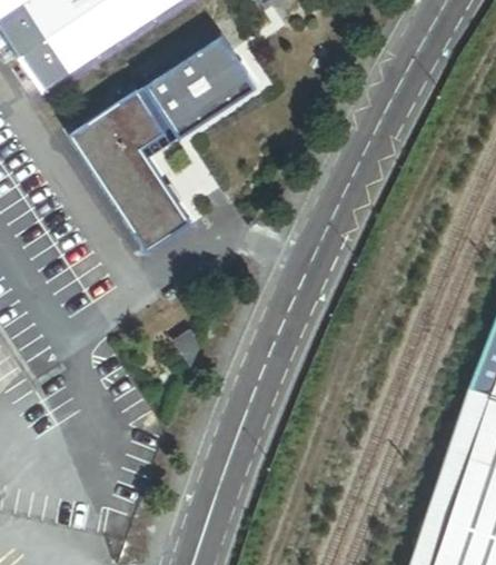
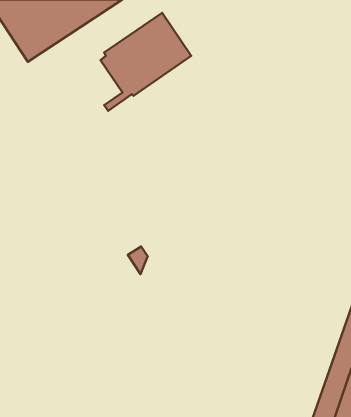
building: [69,87,190,247] -> none

